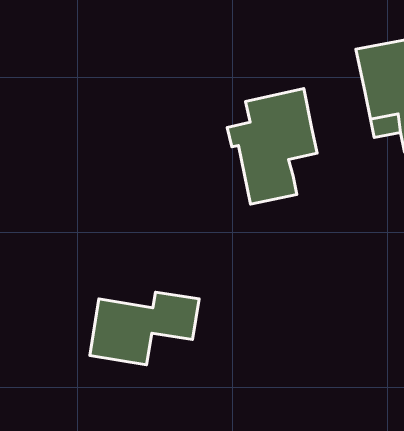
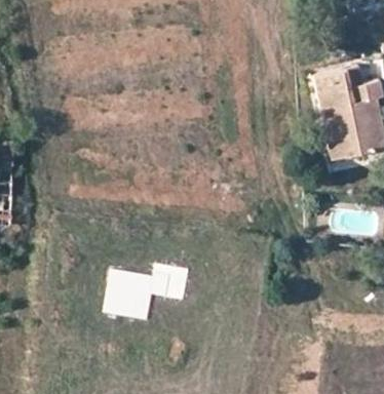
building: [227,88,317,204] -> none

